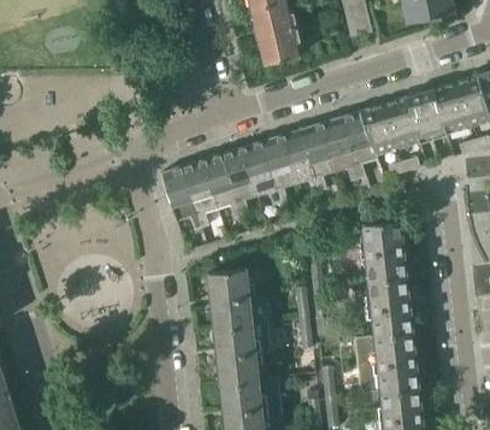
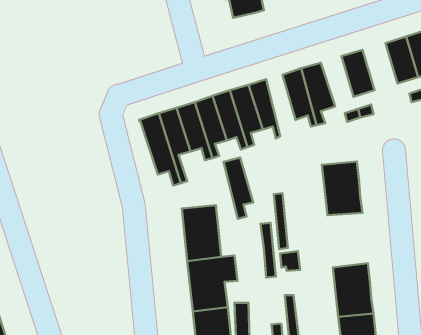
building: [407,89,445,141] -> none
building: [361,104,397,154] -> none
building: [301,124,333,192] -> [224,157,253,219]
building: [368,276,413,336] -> none

